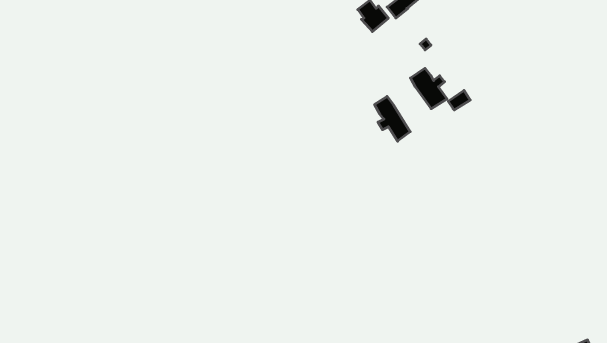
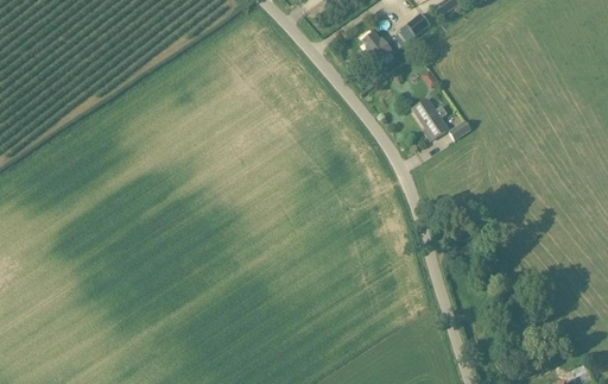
building: [375,96,410,141] -> none

